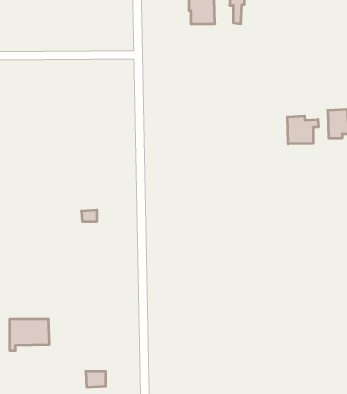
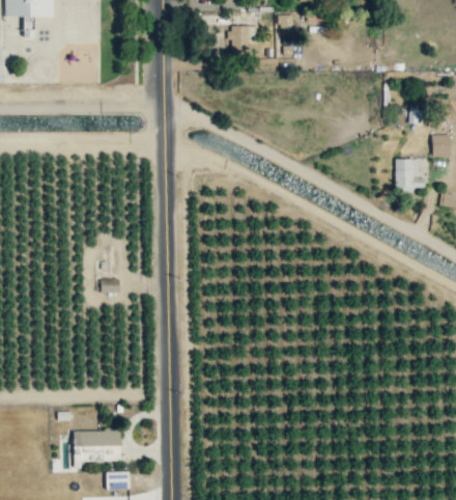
building: [287,116,318,144] -> none
building: [10,319,49,350] -> [74,429,121,467]

